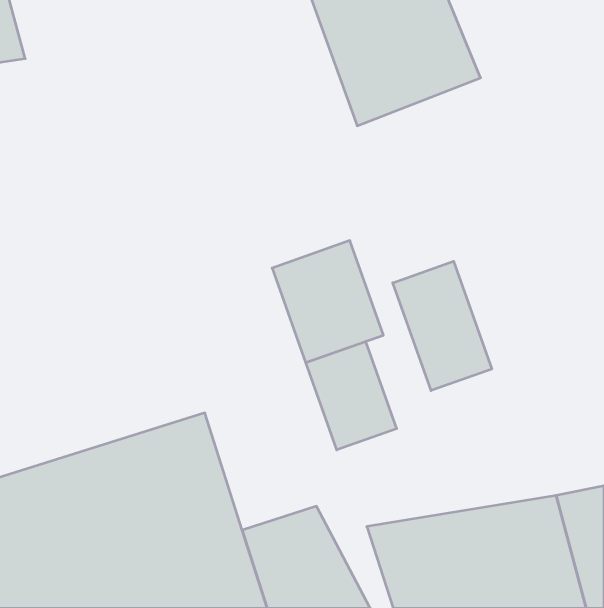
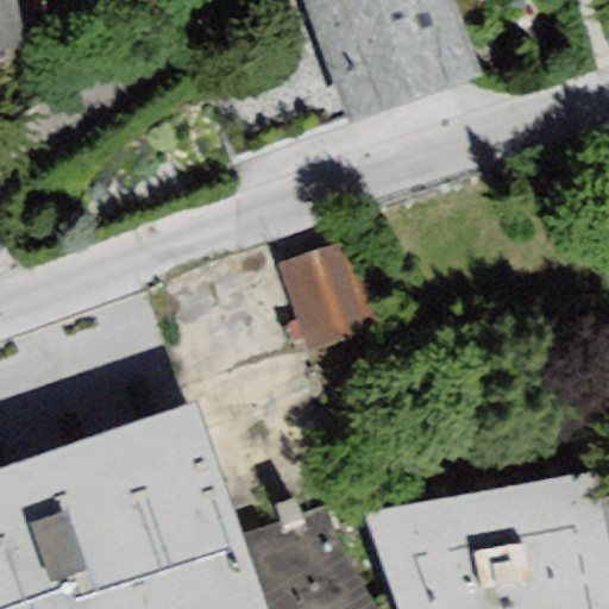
building: [393,261,492,391] -> none
building: [306,341,397,450] -> none

